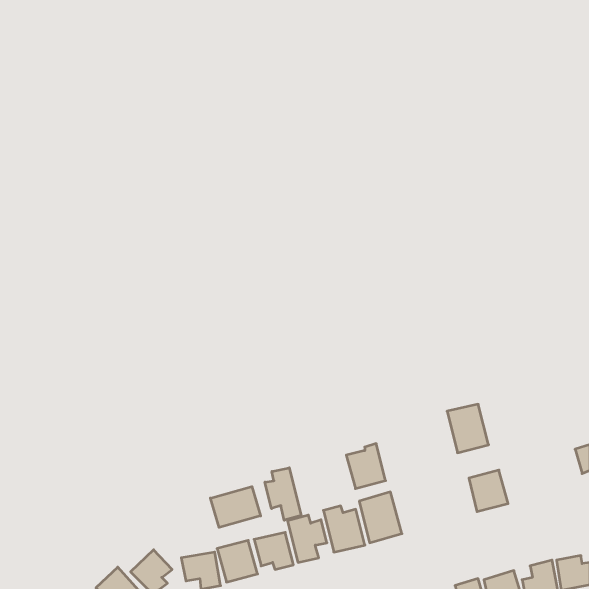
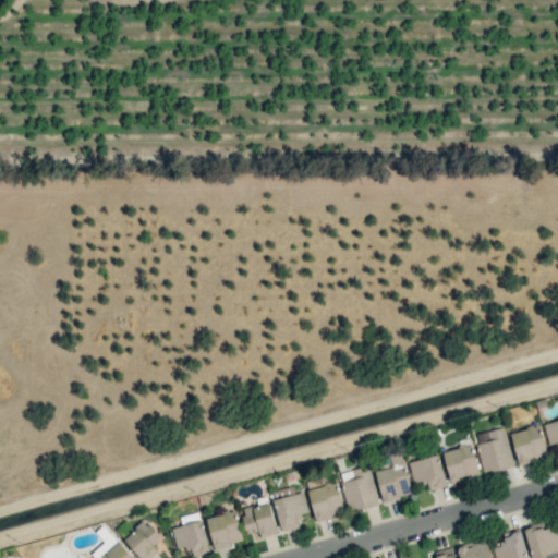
building: [447,404,489,453] -> [475,429,514,475]
building: [346,444,386,489] -> [375,461,412,504]
building: none -> [511,426,547,465]
building: [265,468,301,520] -> none
building: none -> [409,454,448,492]
building: [210,487,261,527] -> none

